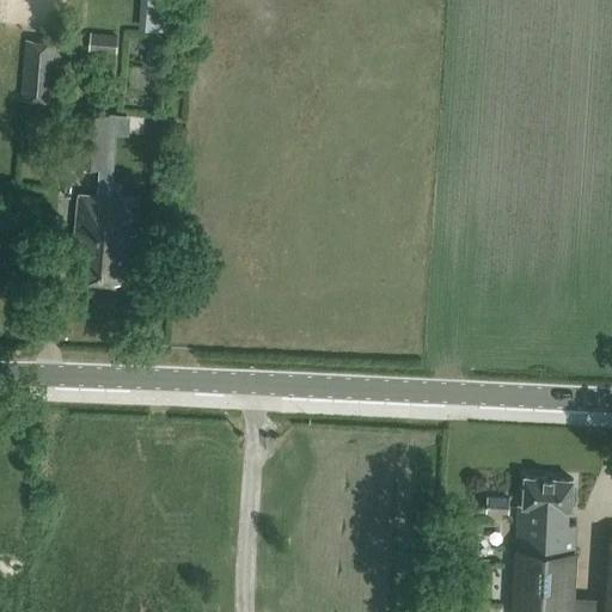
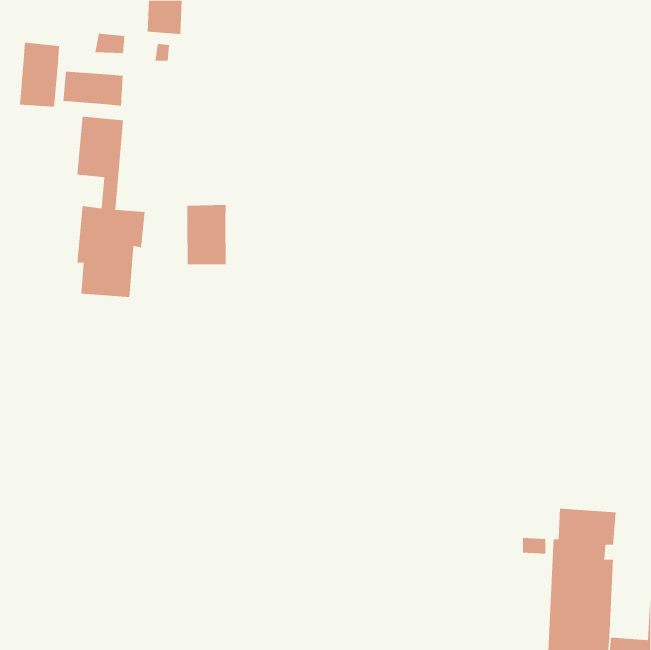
building: none -> [63,71,123,106]
building: none -> [187,204,226,265]

